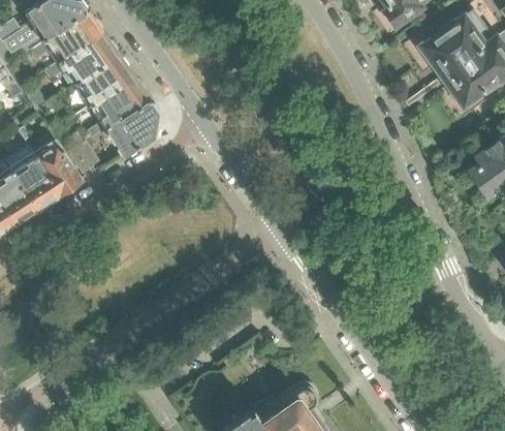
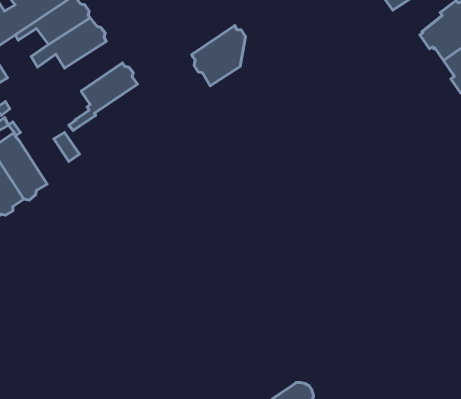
building: [72,57,133,117] -> none
building: [106,98,158,156] -> [192,26,246,86]
building: [34,141,82,194] -> none

